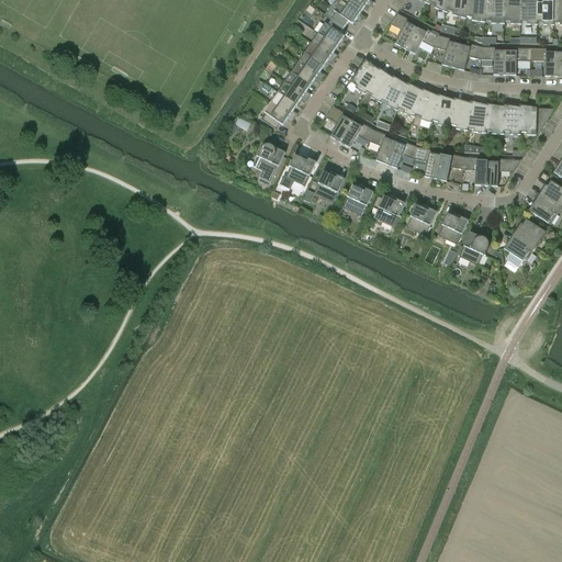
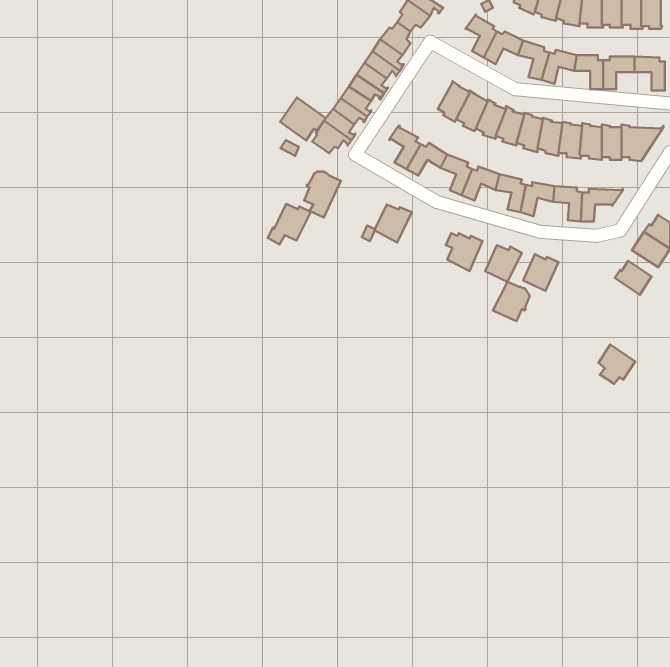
building: [349,58,379,93] -> none
building: none -> [280,98,326,141]
building: [280,155,316,189] -> [268,204,311,244]
building: [342,186,373,216] -> none
building: [459,232,490,265] -> [493,282,530,321]
building: [505,233,536,266] -> [598,344,635,384]

